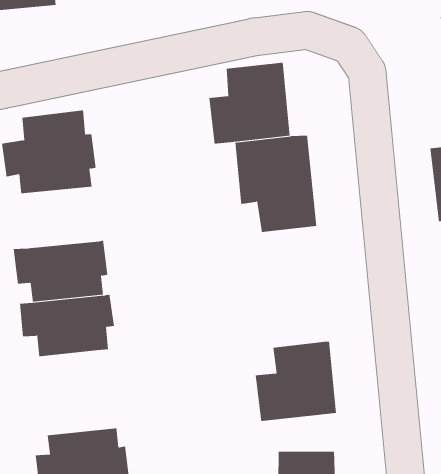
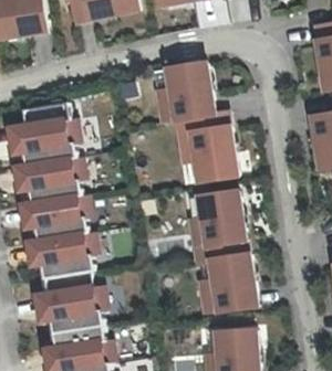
building: none -> [18,155,84,201]
building: none -> [188,191,246,263]
building: none -> [39,269,105,330]

